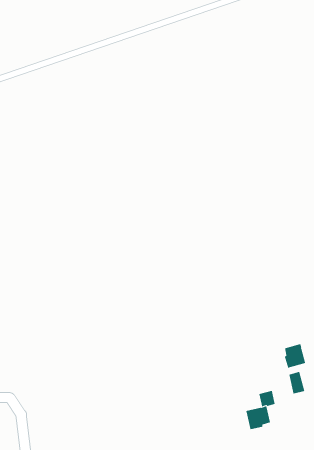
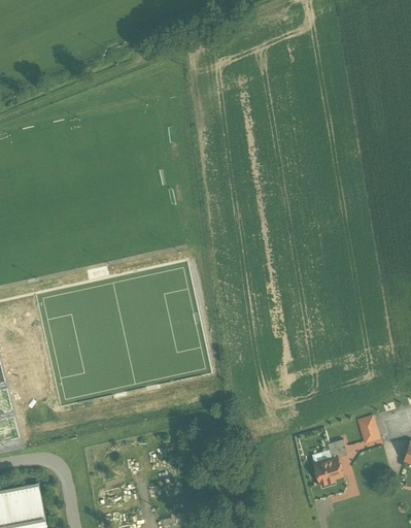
building: [284,344,306,369] -> none

